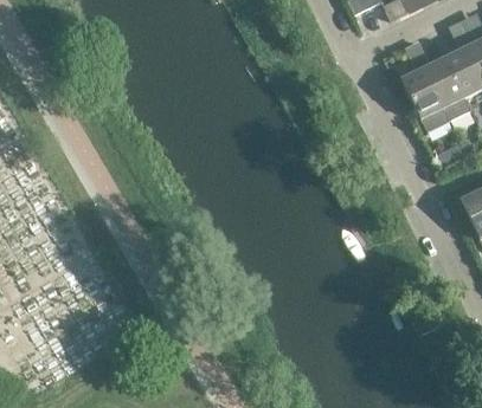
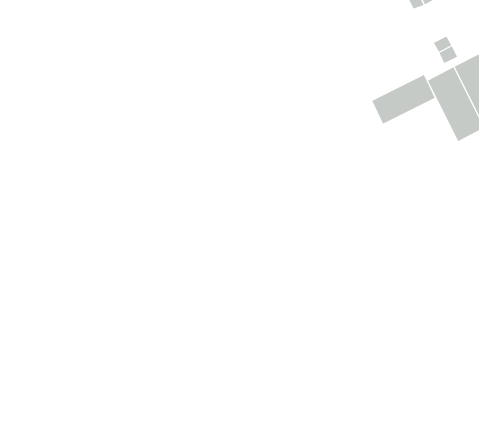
building: none -> [372,74,436,124]

